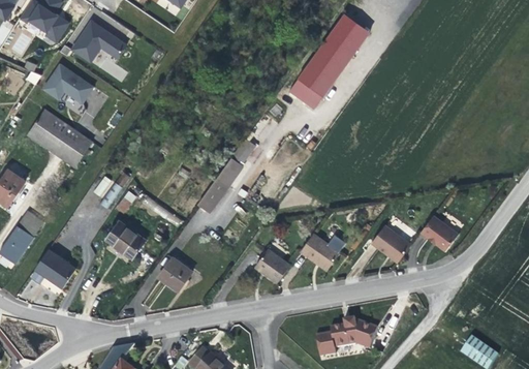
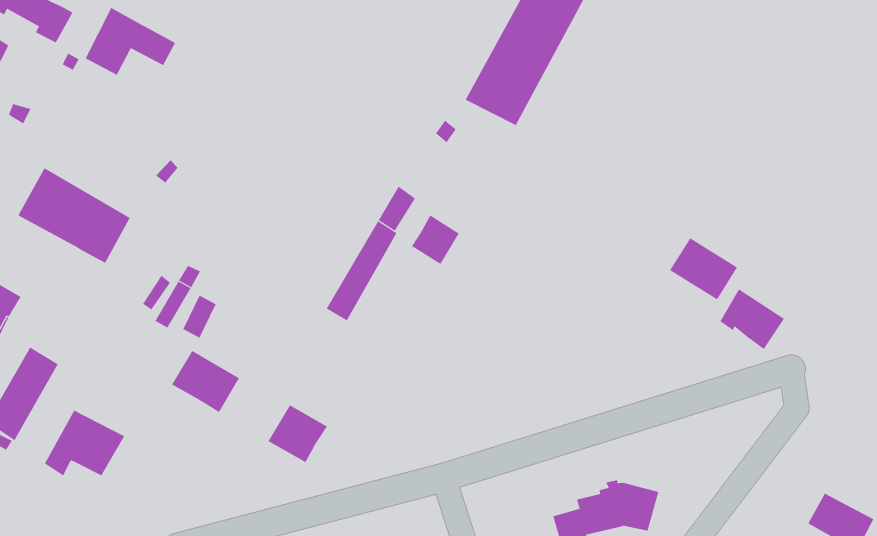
building: [43,63,94,102] -> none
building: none -> [411,215,460,265]
building: [371,224,410,262] -> [669,237,738,300]
building: [300,233,339,270] -> none
building: [254,248,289,282] -> none

